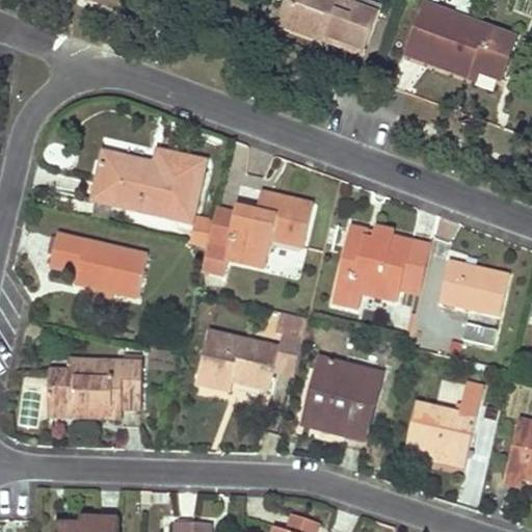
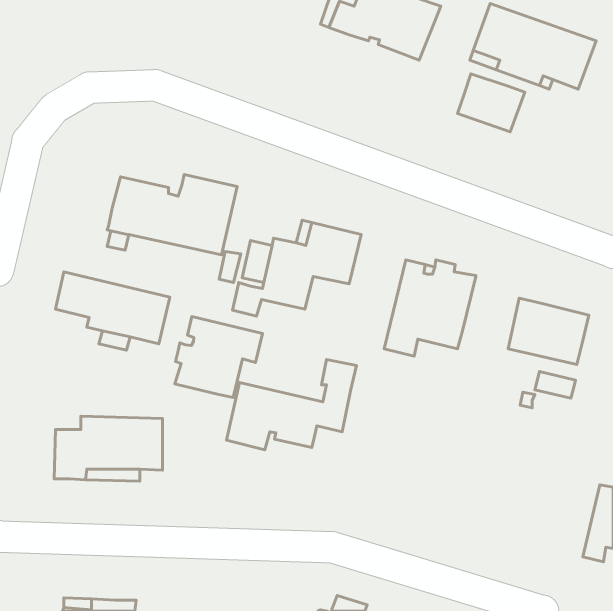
building: none -> [458,74,525,132]
building: [399,239,430,290] -> none
building: none -> [175,317,263,397]
building: [302,356,381,437] -> none
building: [403,381,483,466] -> none

